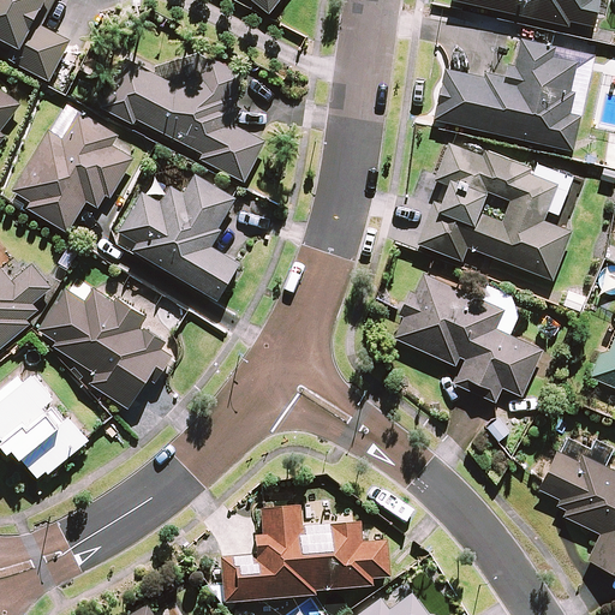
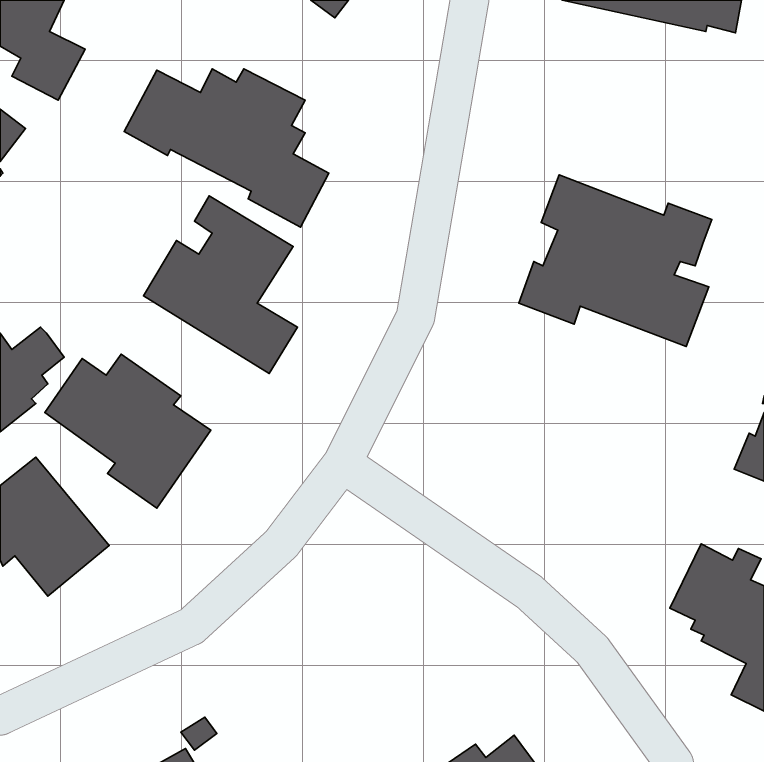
building: [434,42,580,151] -> none
building: [13,111,137,235] -> none
building: [393,273,542,402] -> none
building: [221,504,392,603] -> none

